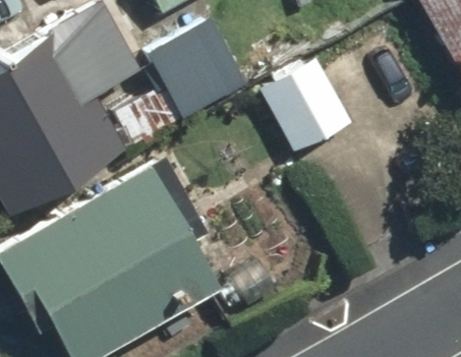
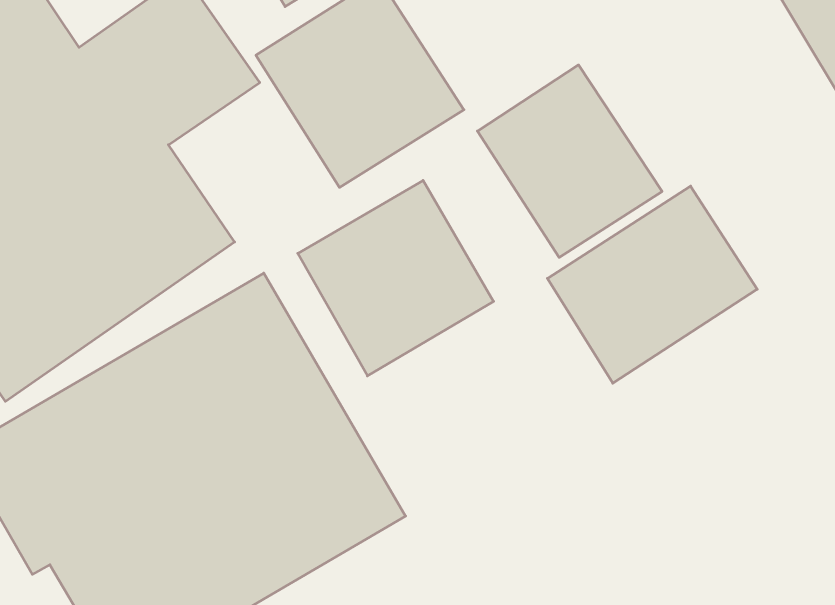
building: none -> [298,180,494,376]
building: none -> [547,186,757,383]

